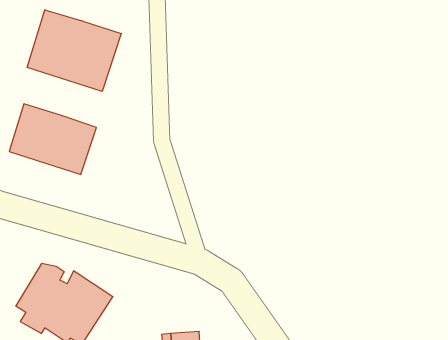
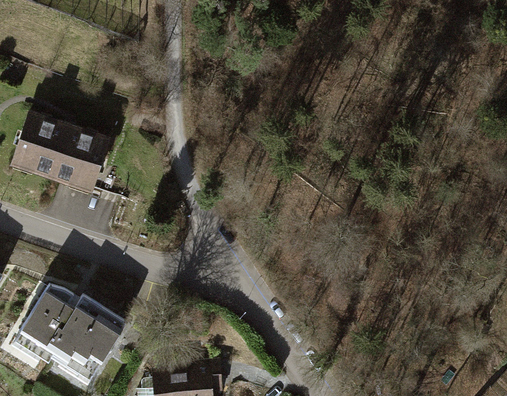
building: [27,10,121,91] -> none

